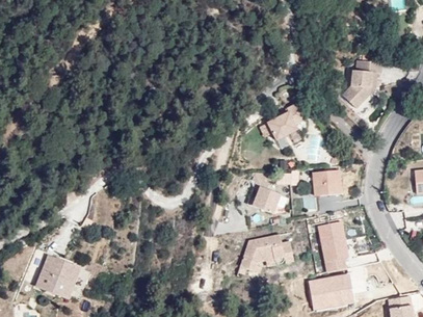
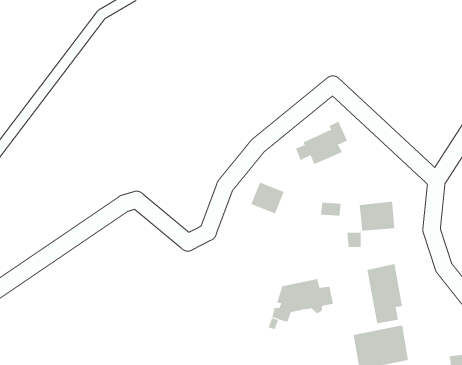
building: [343,60,382,108] -> none
building: [252,186,280,213] -> [251,182,284,214]
building: [41,256,81,299] -> none

